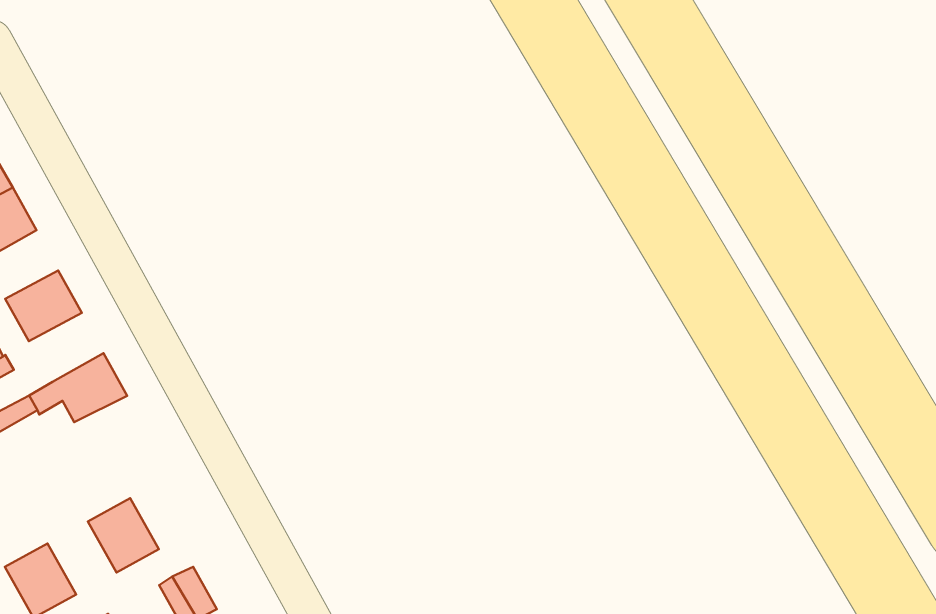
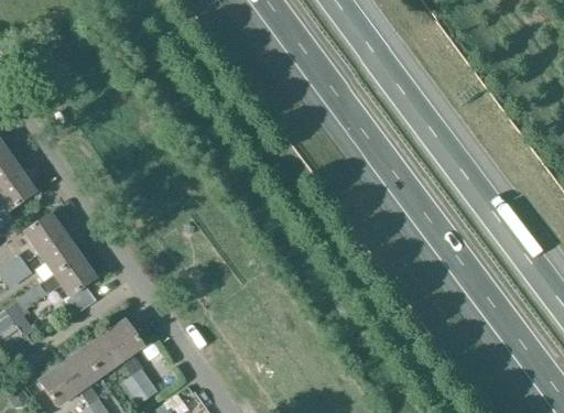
building: none -> [39,235,80,274]
building: none -> [104,318,144,360]
building: none -> [61,349,100,390]

